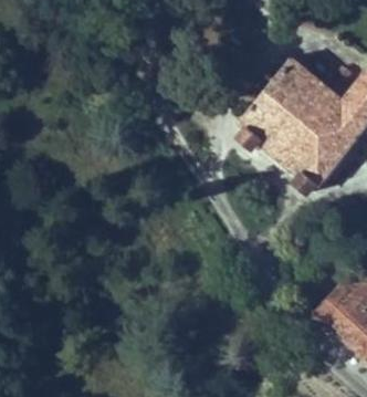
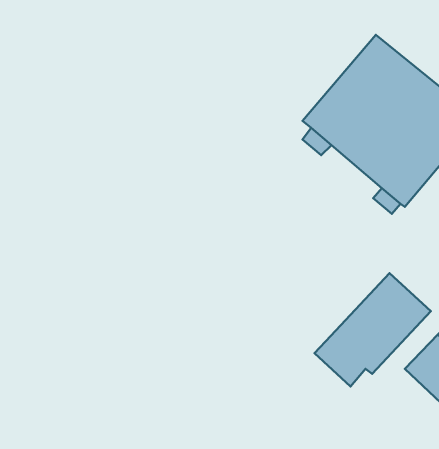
building: none -> [315,273,431,386]

